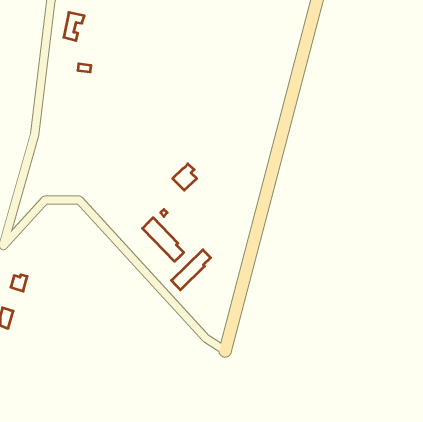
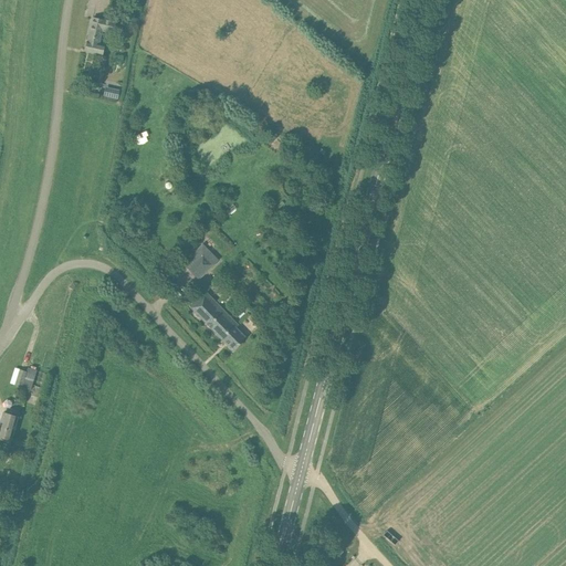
building: [173,164,197,190] -> [182,243,214,279]
building: [171,250,211,290] -> none

